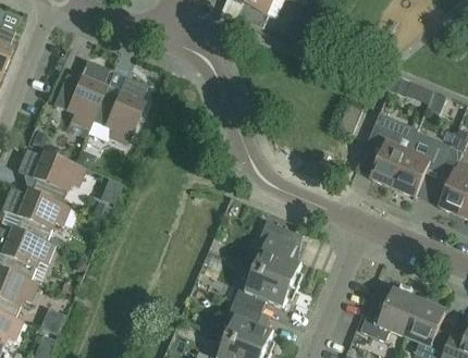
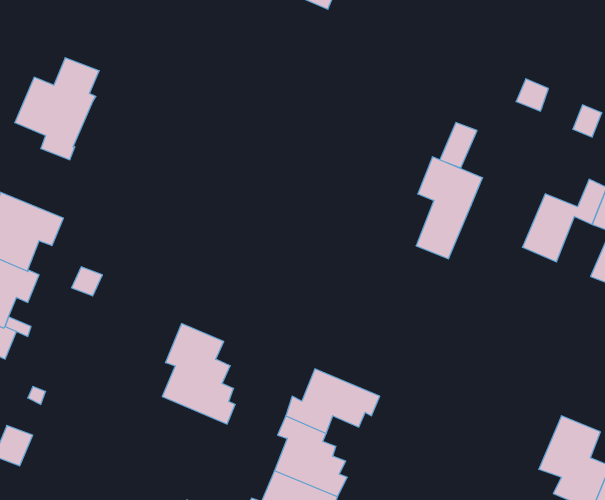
building: [91,74,147,143] -> none
building: [371,118,416,186] -> [416,157,483,259]
building: [254,219,303,286] -> [162,324,235,424]
building: [360,288,419,340] -> none

